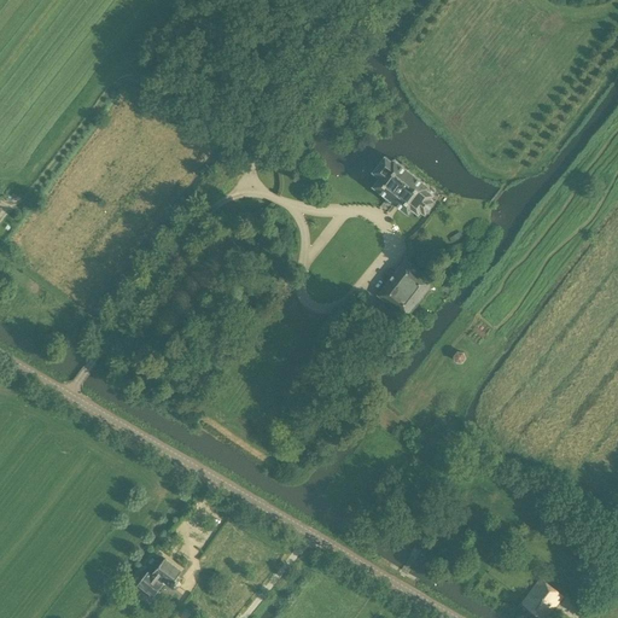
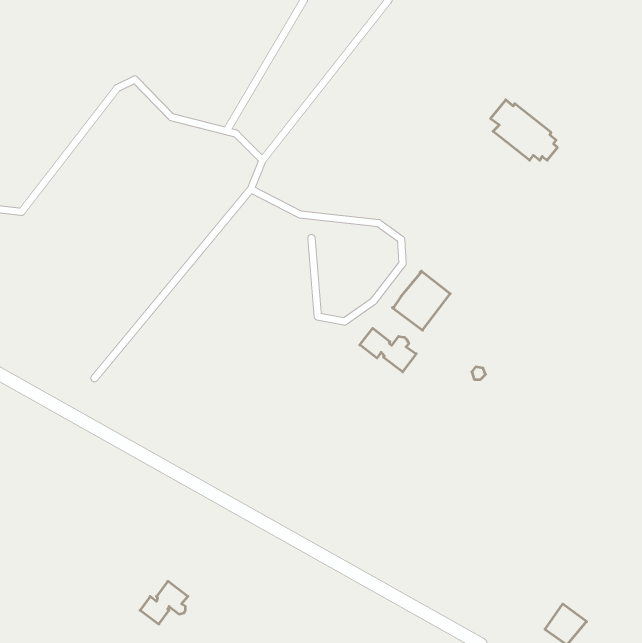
building: [369,157,433,215] -> [491,100,557,160]
building: none -> [360,328,416,372]

